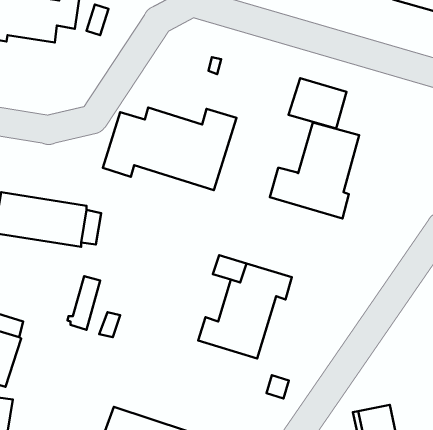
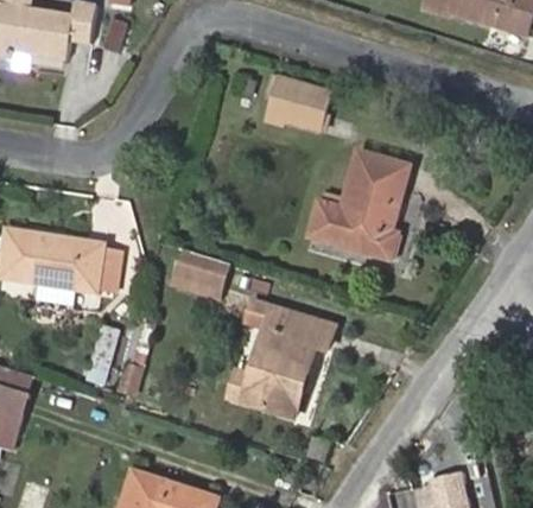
building: [289,78,347,129] -> [266,75,331,132]
building: [103,108,237,190] -> none
building: none -> [172,250,228,299]

